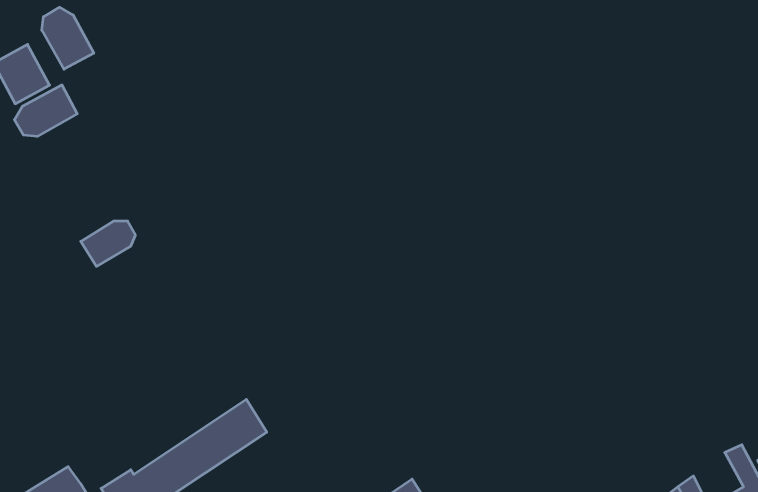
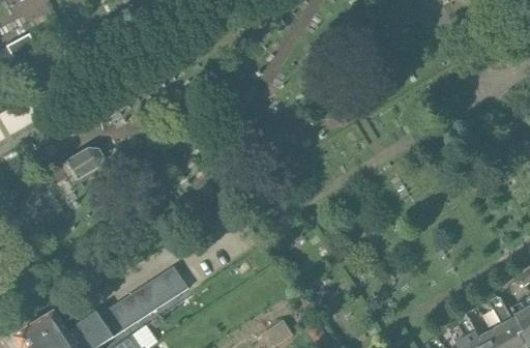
building: [42,7,94,69] -> none
building: [14,85,77,136] -> none

